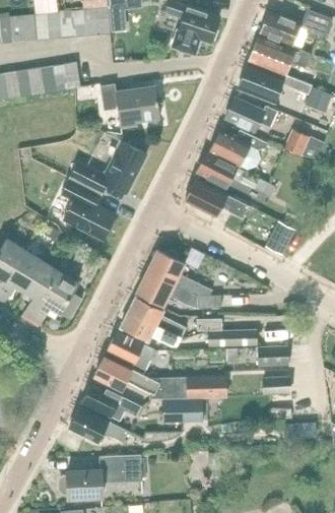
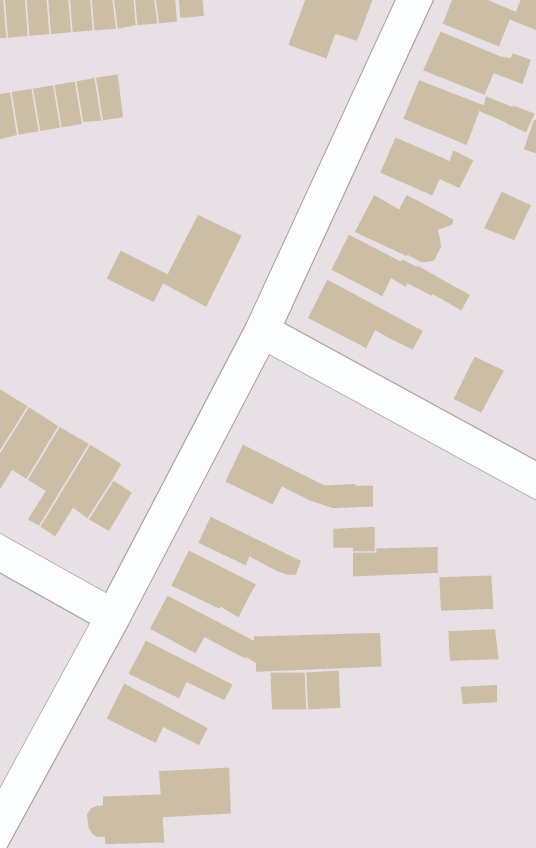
building: [99,83,161,128] -> none
building: [61,178,116,240] -> none
building: [146,250,212,295] -> none
building: [128,297,186,337] -> none

